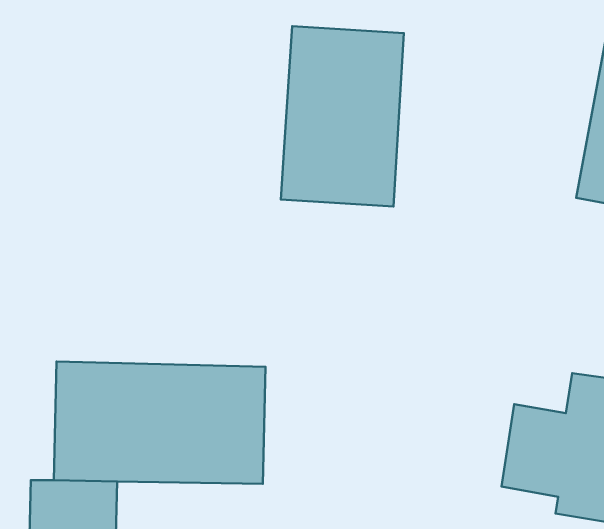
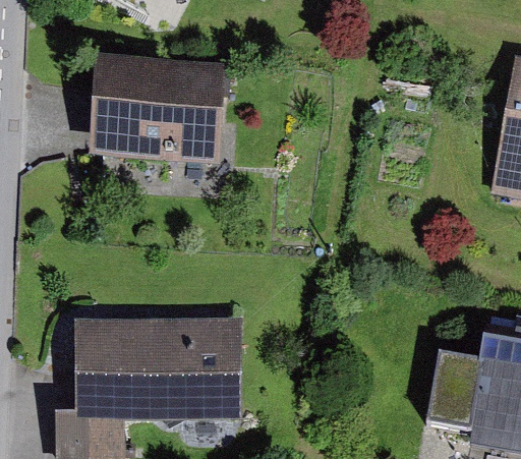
building: none -> [90,55,225,160]
building: [281,26,404,206] -> none

